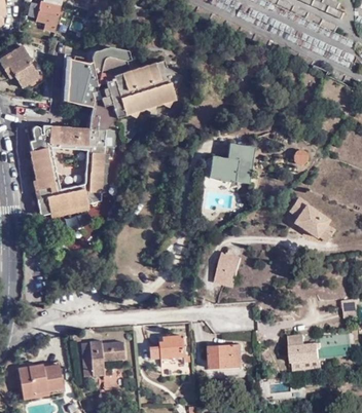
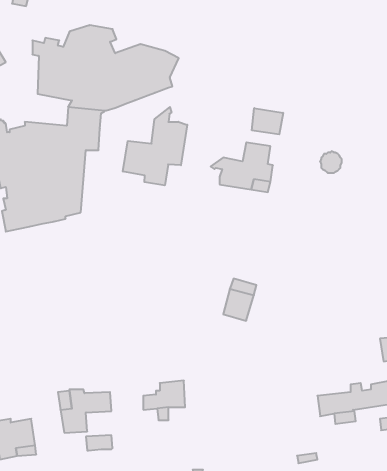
building: none -> [123,107,187,185]
building: none -> [252,108,283,134]
building: [290,196,336,241] -> none
building: [211,343,244,368] -> none

